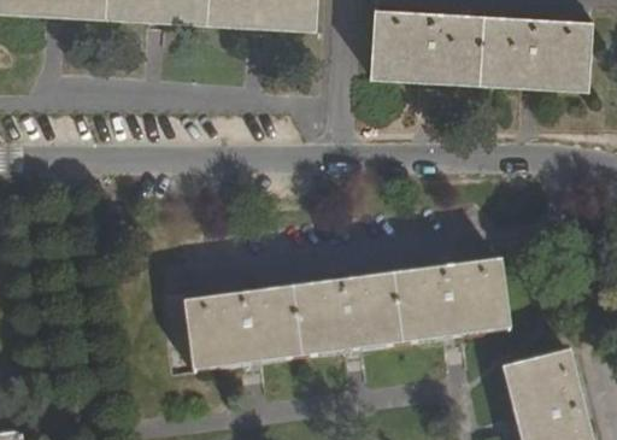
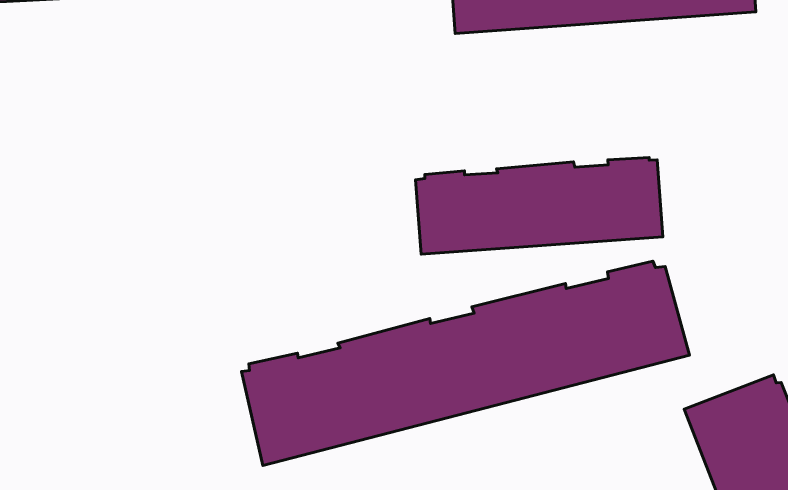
building: none -> [416,157,663,254]

